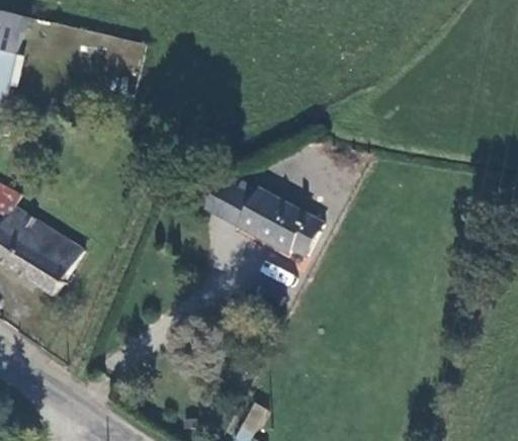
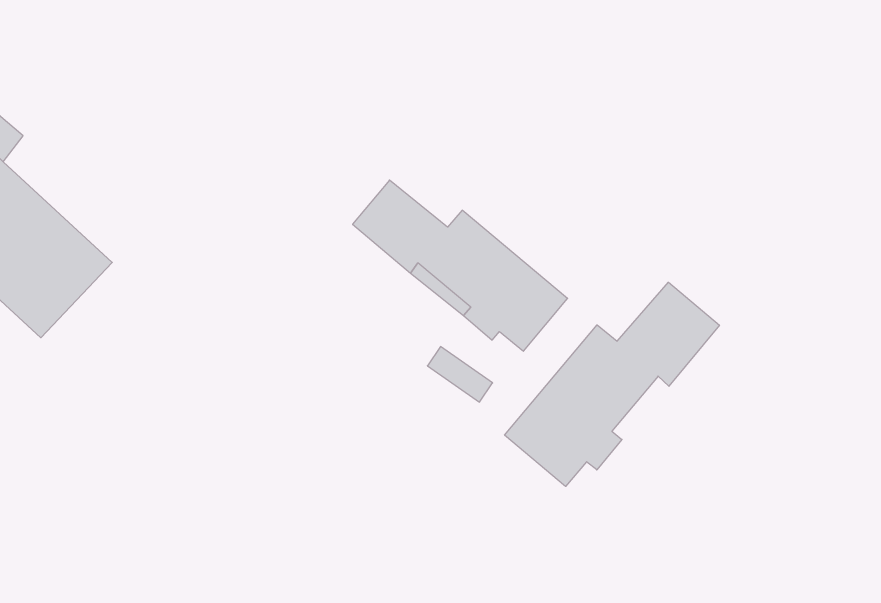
building: none -> [505,282,719,486]

